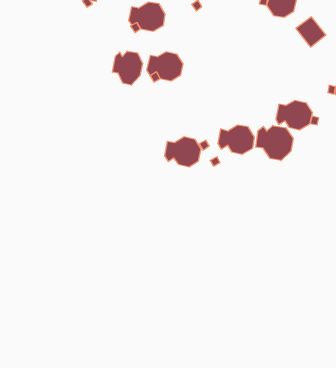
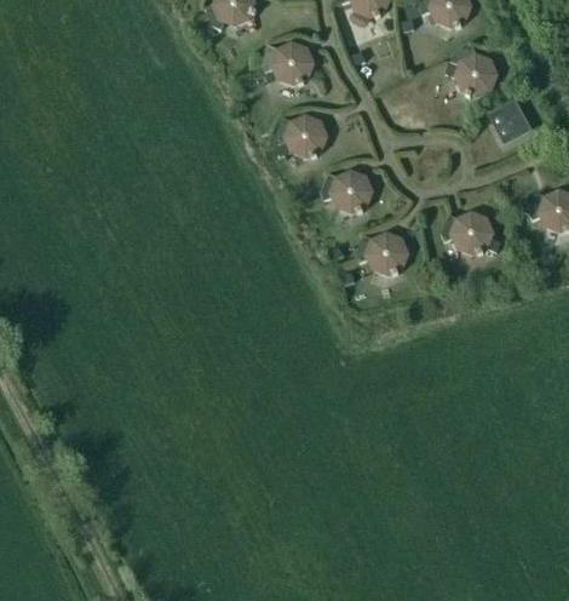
building: [112,51,143,85] -> none
building: [256,125,293,161] -> none
building: [164,137,201,167] -> [321,170,373,212]

